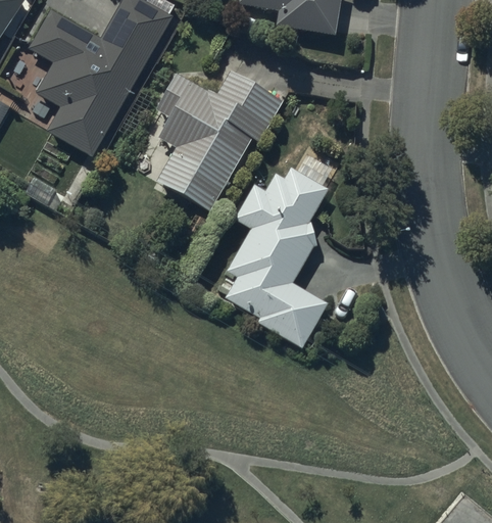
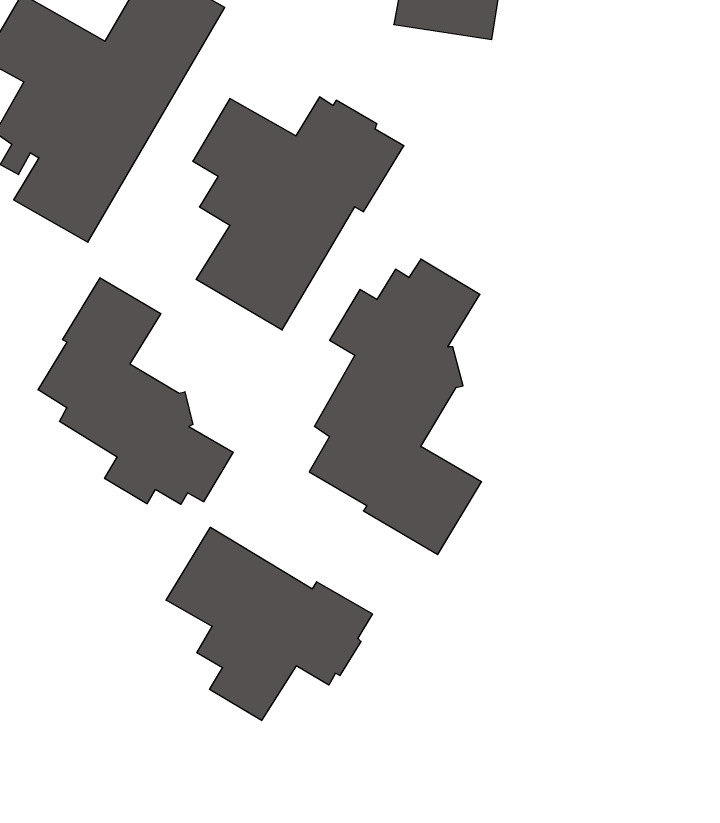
building: none -> [38,278,233,504]
building: none -> [166,527,372,721]

